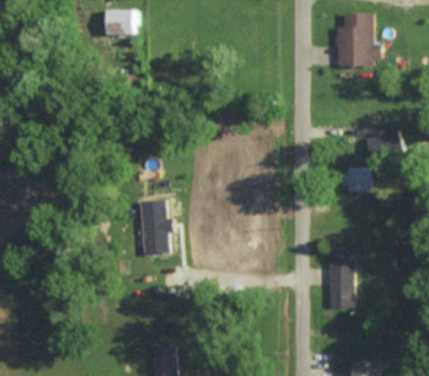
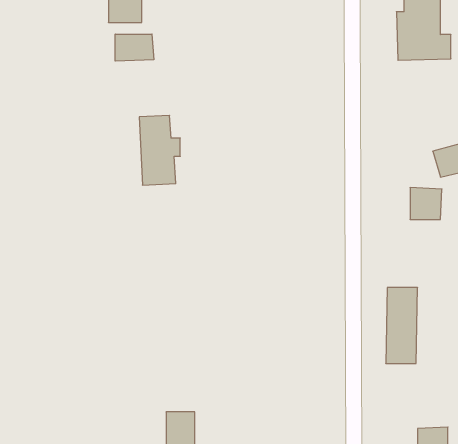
building: none -> [115,34,154,61]
building: [139,200,172,256] -> [139,115,180,185]

